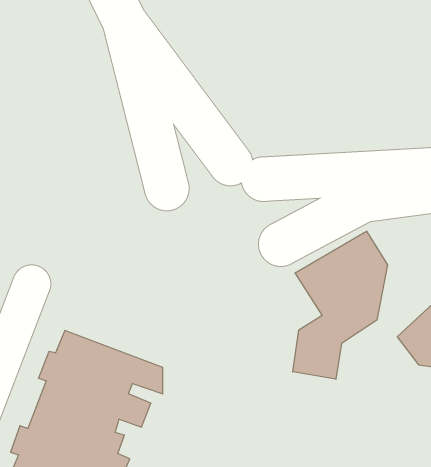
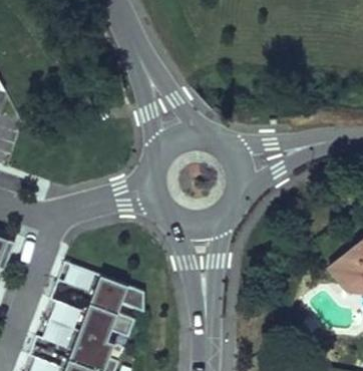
building: [293,231,387,379] -> none

